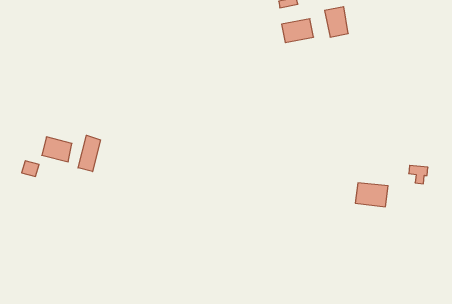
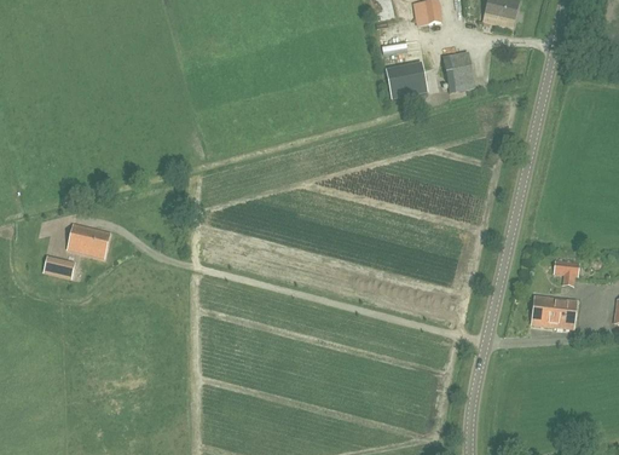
building: [78,135,101,172] -> none
building: [355,183,388,207] -> [532,295,575,327]

